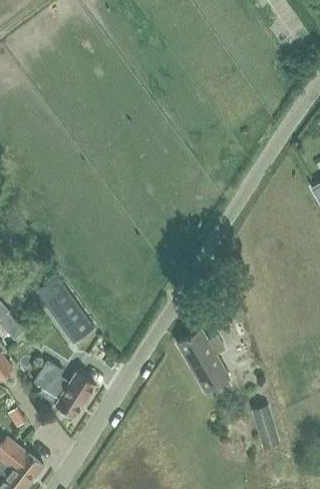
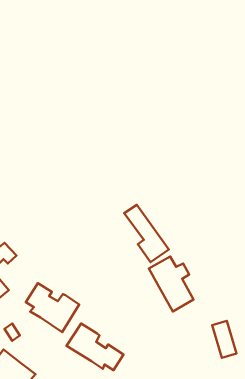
building: [43,277,95,344] -> [124,205,169,262]
building: none -> [67,324,123,370]

